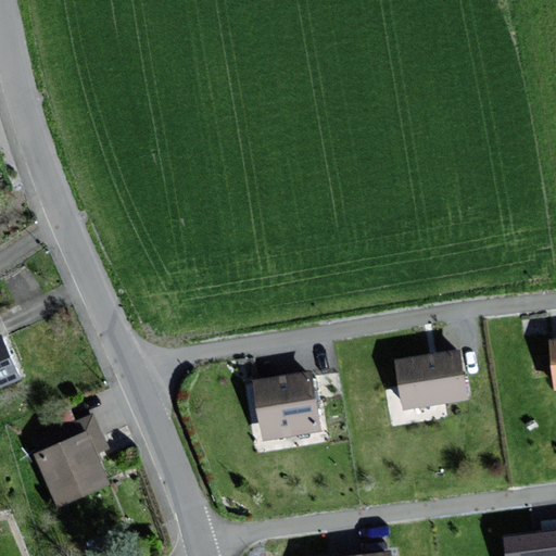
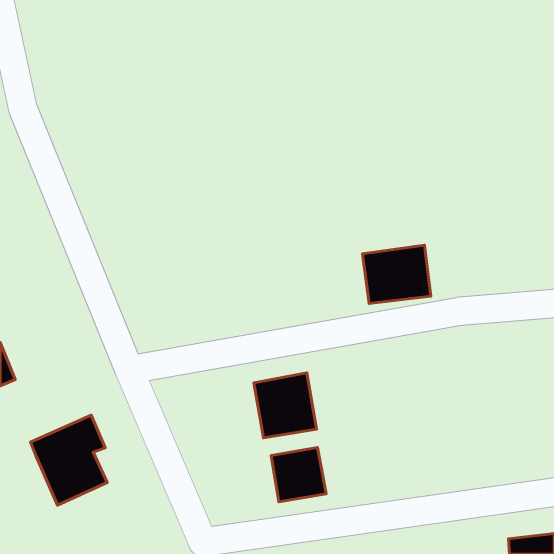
building: [394,350,463,408] -> [363,245,431,304]
building: none -> [271,448,326,502]

